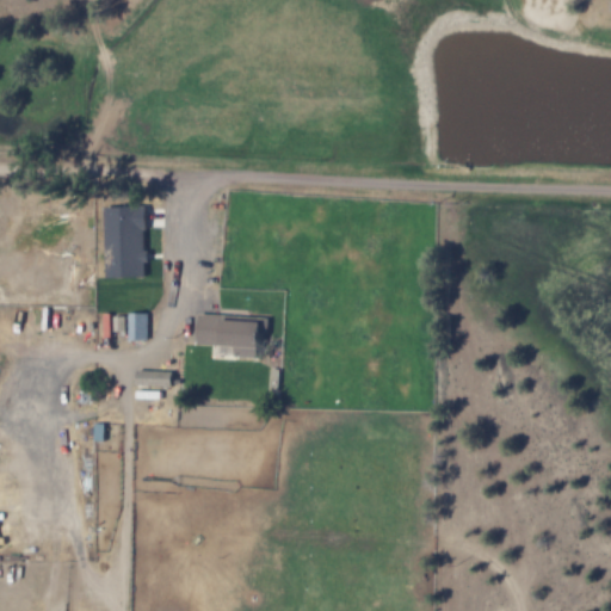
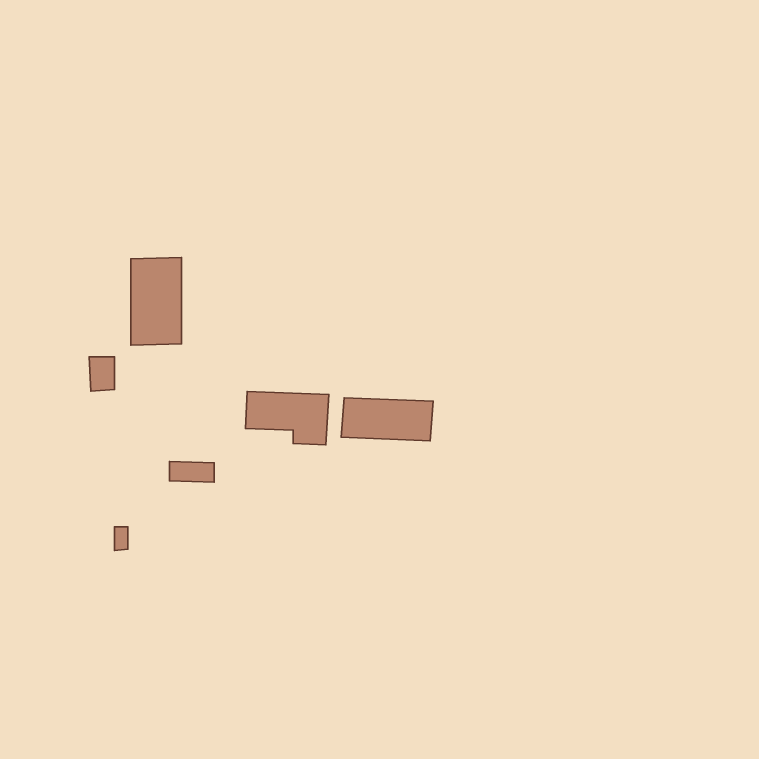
building: [125,314,146,341] -> [89,357,115,391]
building: none -> [341,398,433,441]

